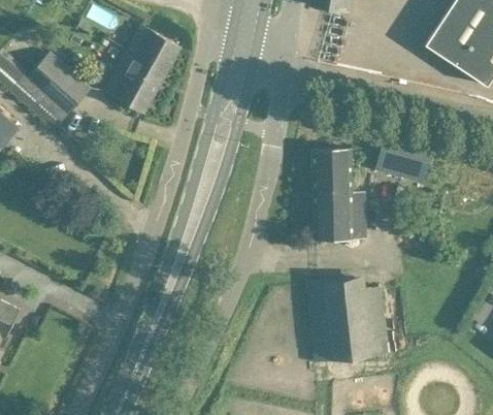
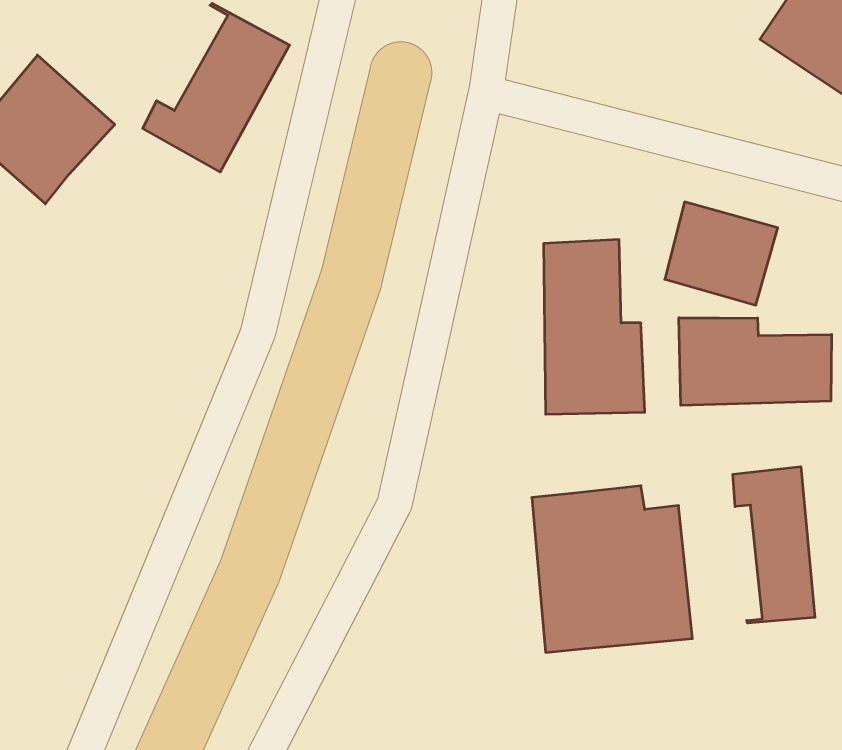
building: none -> [679,318,832,405]
building: none -> [733,467,815,623]

